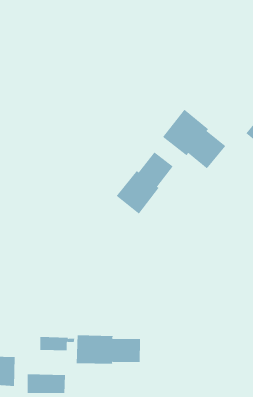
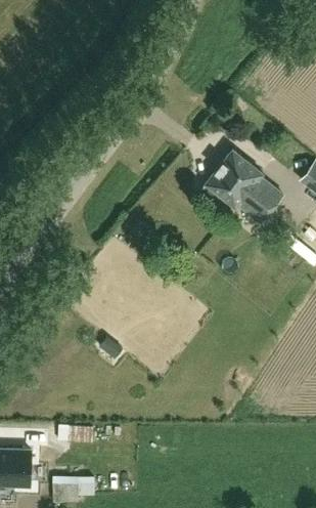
building: [116,151,174,215] -> none
building: [76,335,140,364] -> none

